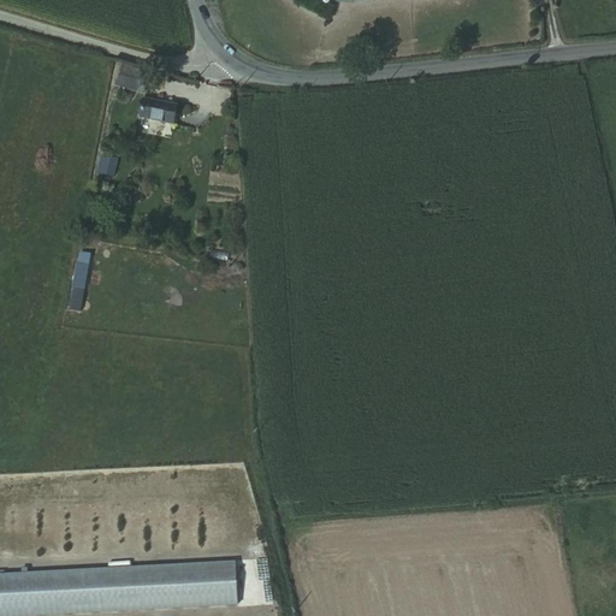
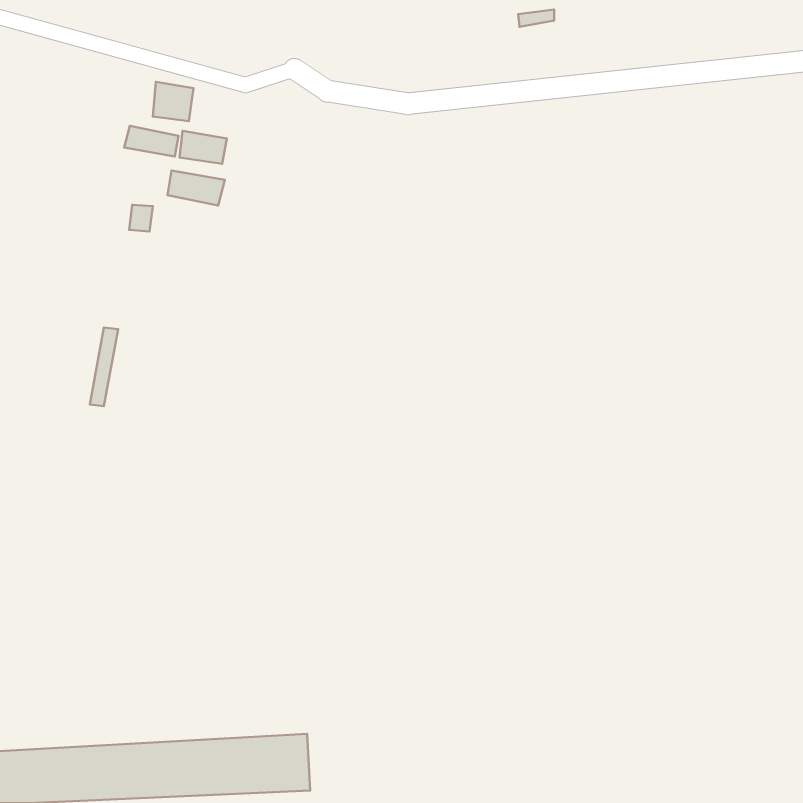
building: none -> [124,126,178,156]
building: none -> [167,170,225,206]

